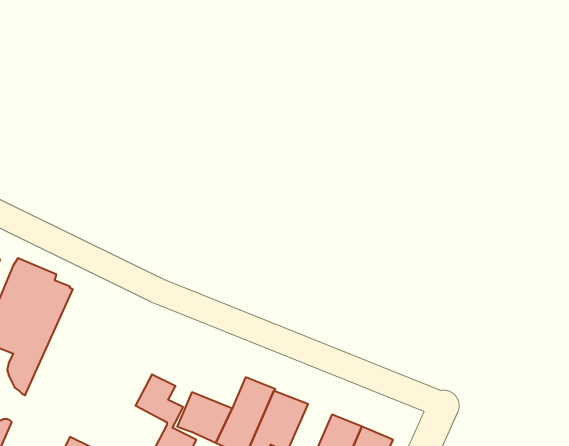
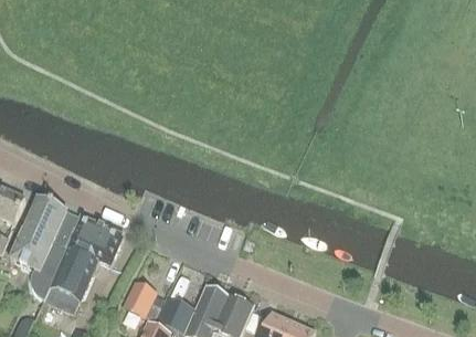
building: none -> [49,215,124,299]

